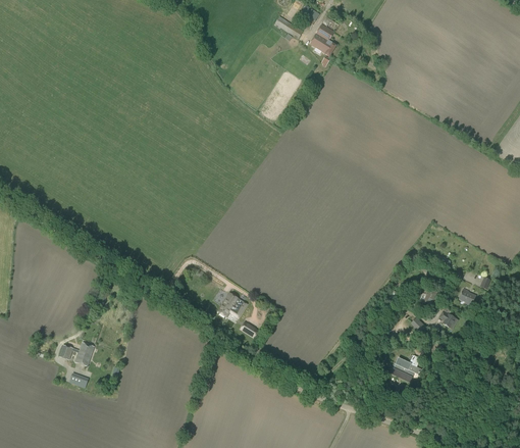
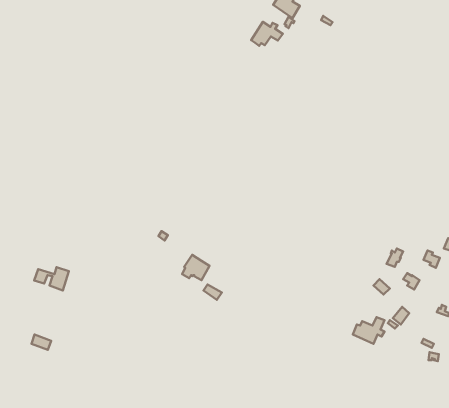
building: none -> [251,22,283,46]
building: [58,342,93,365] -> [34,267,69,291]

